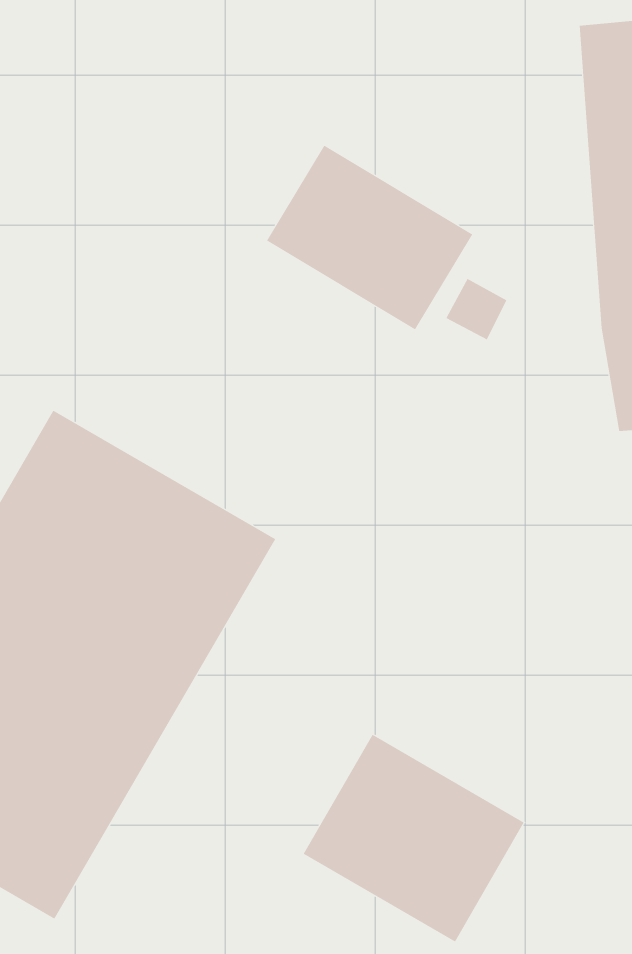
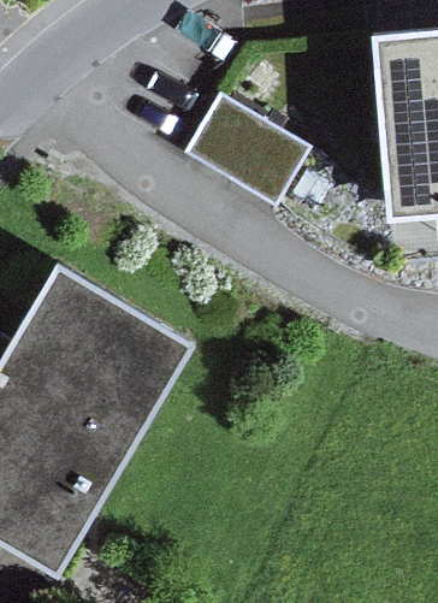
building: [303,734,525,943] -> none

